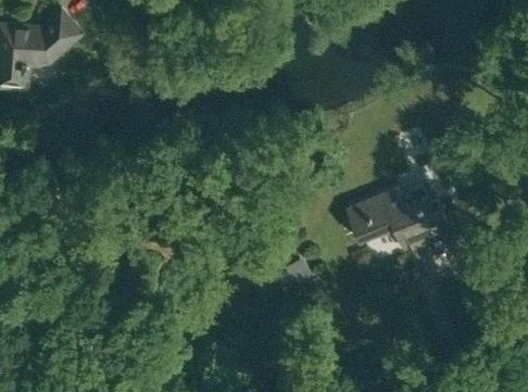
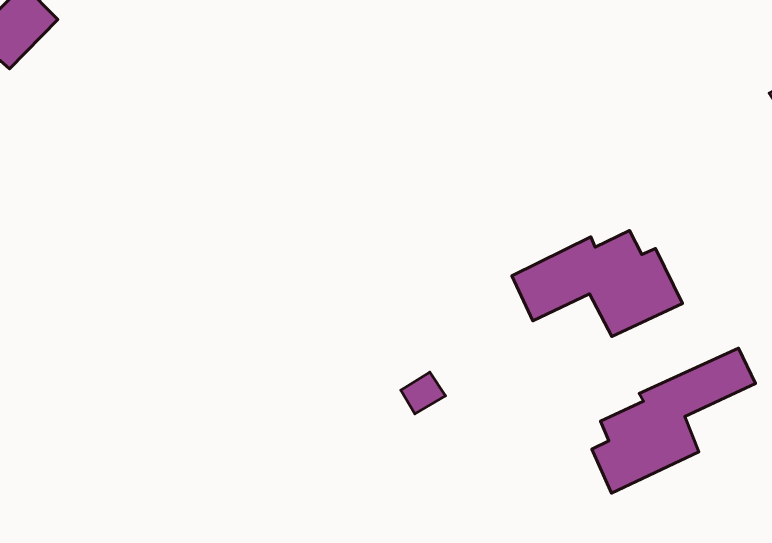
building: none -> [592,348,755,493]

